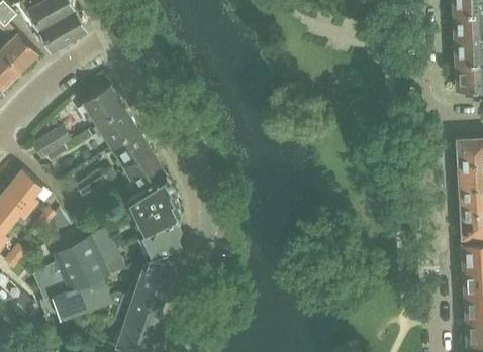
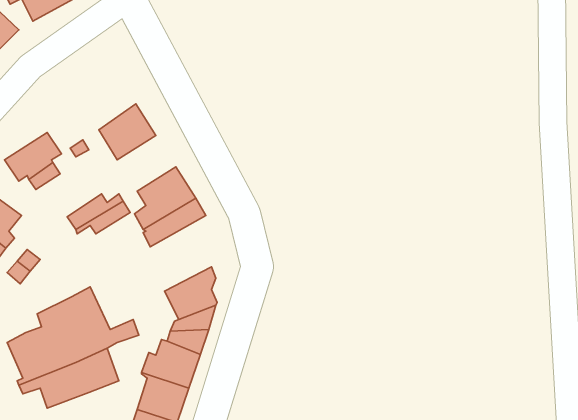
building: [83,85,123,124] -> none
building: [110,128,152,167] -> none
building: [133,185,181,237] -> none

